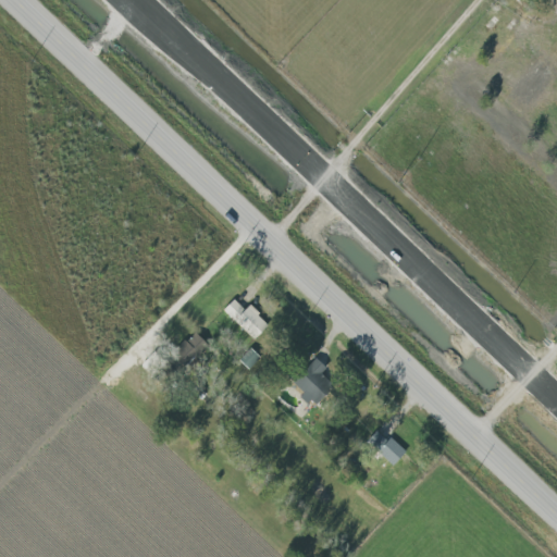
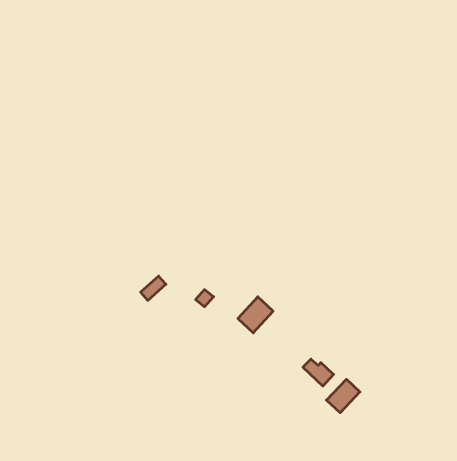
building: [224,299,270,339] -> none
building: none -> [326,379,360,413]

